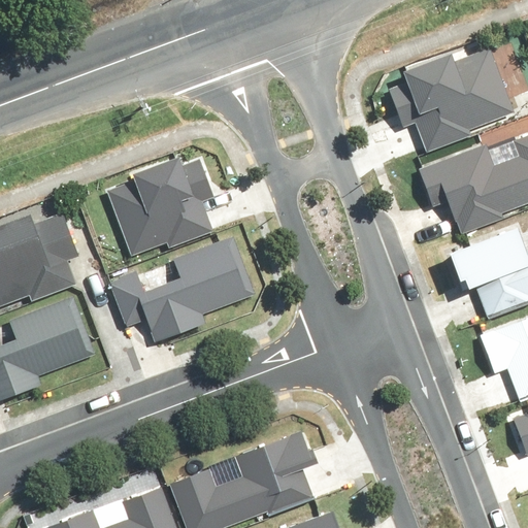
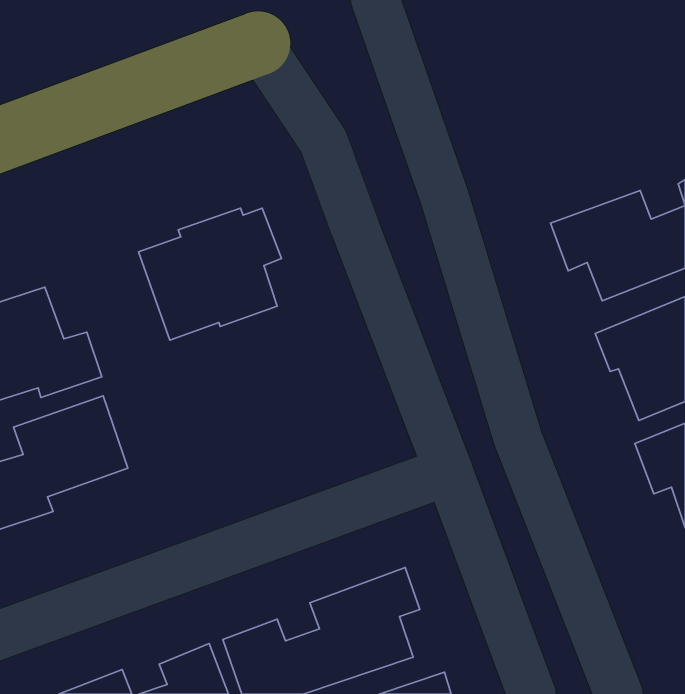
building: [405,48,515,145] -> none
building: [111,236,257,345] -> none

